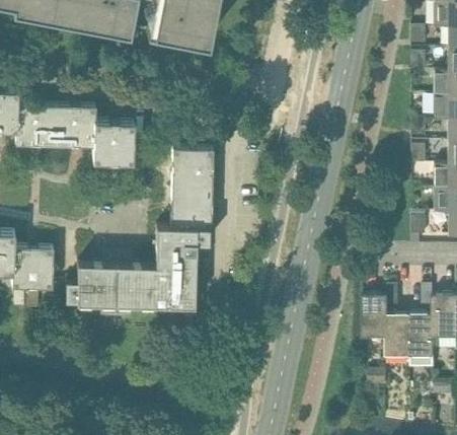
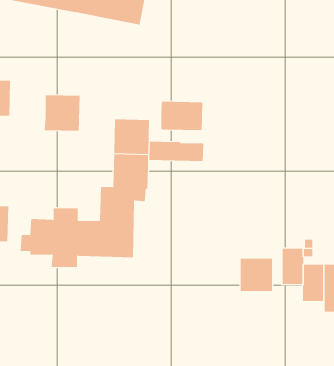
building: [56,108,97,150] -> none
building: none -> [161,101,203,131]
building: none -> [149,141,204,162]
building: none -> [240,258,272,292]

